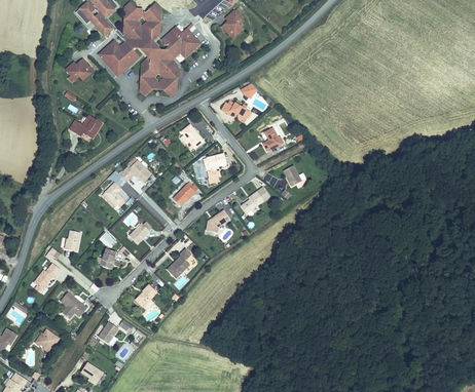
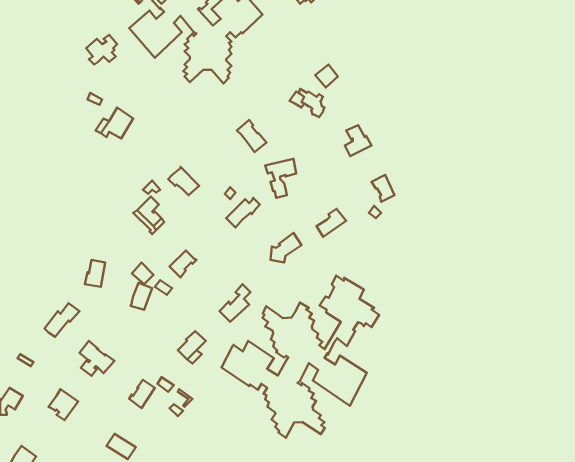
building: none -> [222,275,379,438]

